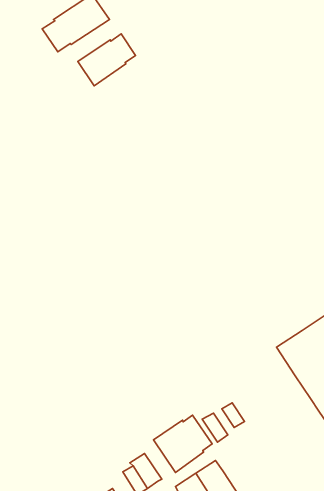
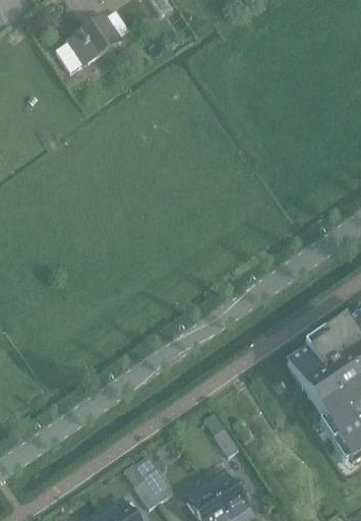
building: [78,34,135,86] -> none
building: [153,415,212,472] -> none

